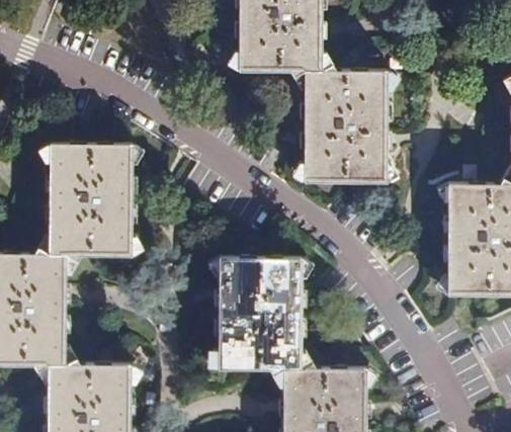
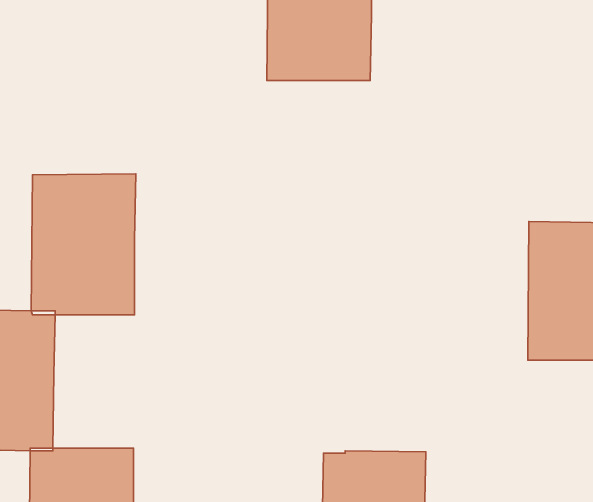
building: [305,70,388,182] -> none
building: [218,257,301,369] -> none

